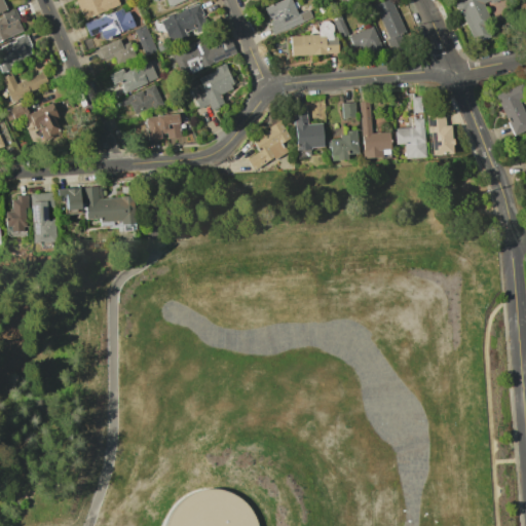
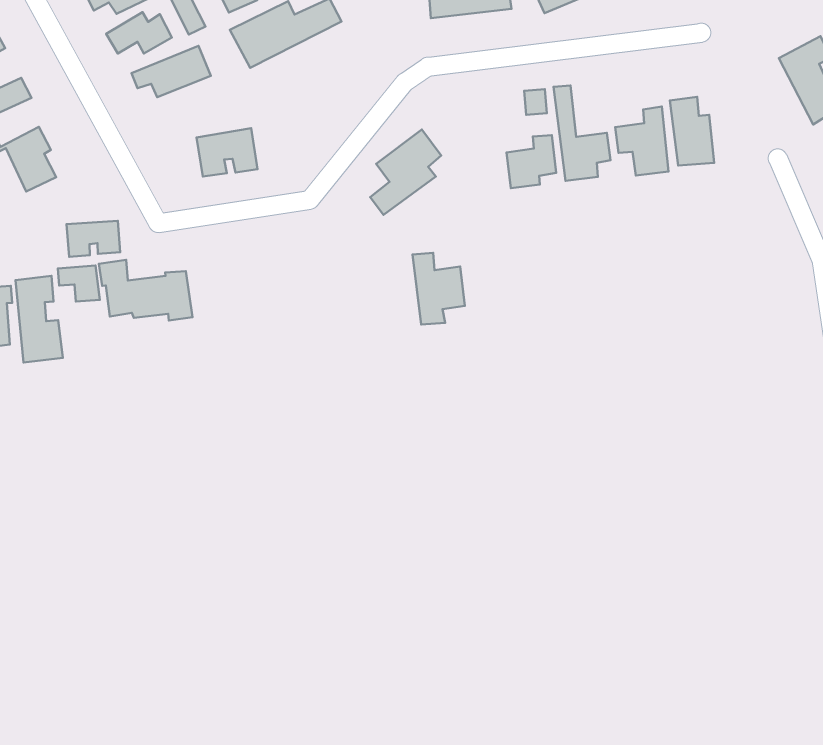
building: [191,65,235,109] -> none
building: [122,85,163,117] -> none
building: [295,114,324,156] -> [413,253,465,325]
building: none -> [67,221,120,257]

